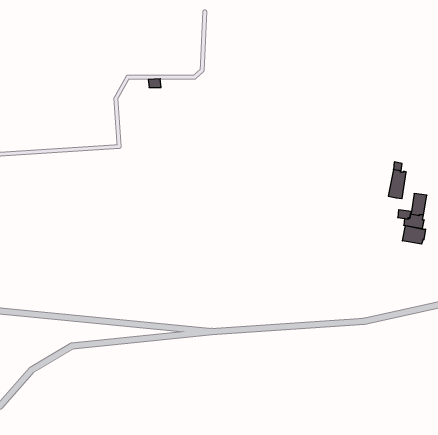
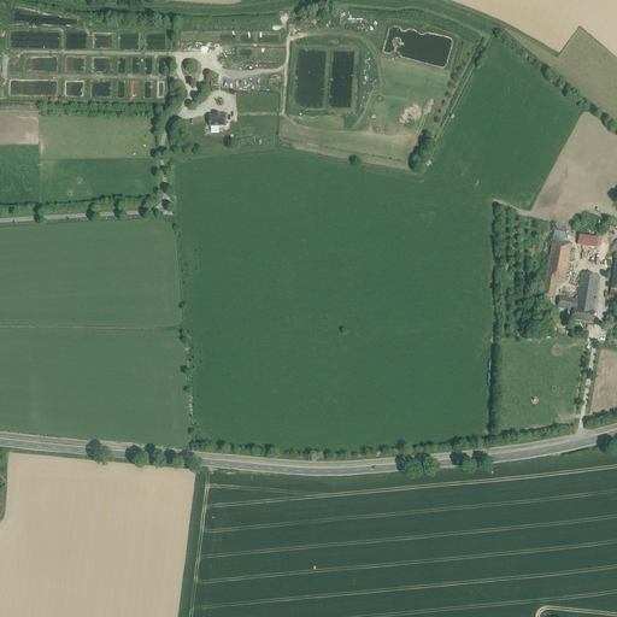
building: [402,226,425,244] -> none

